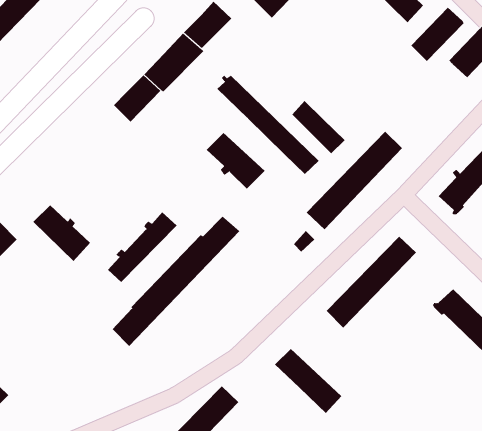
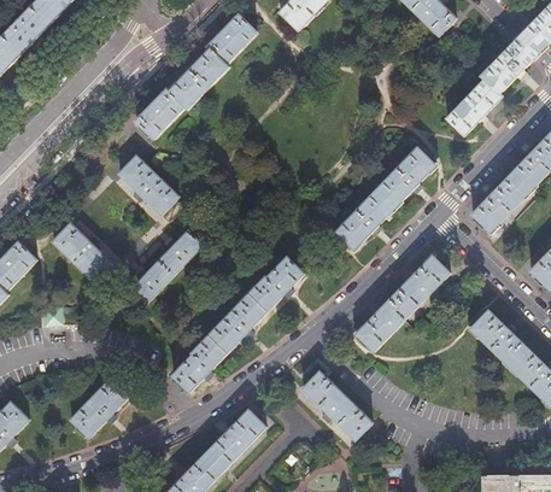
building: [411,7,464,62] -> [447,78,503,135]
building: [216,75,320,175] -> none
building: [291,100,345,154] -> none
building: [206,132,266,190] -> [118,156,180,215]
building: [112,216,240,347] -> [171,257,304,392]
building: none -> [70,377,130,437]

